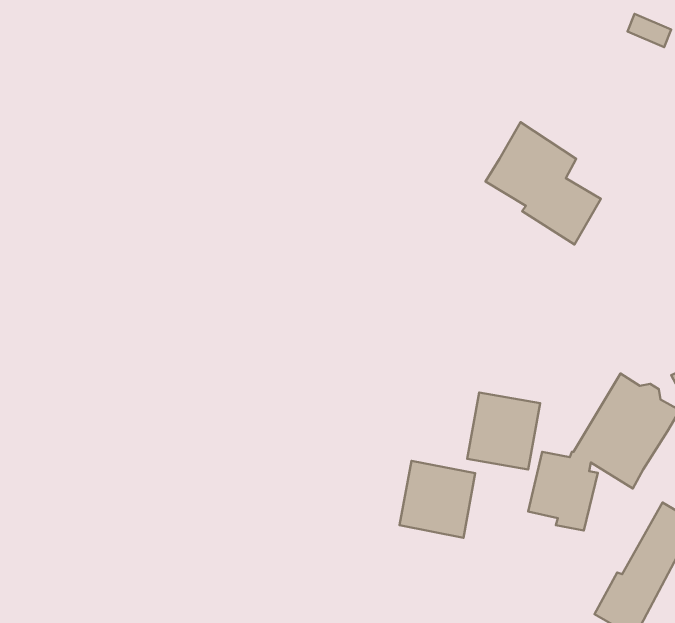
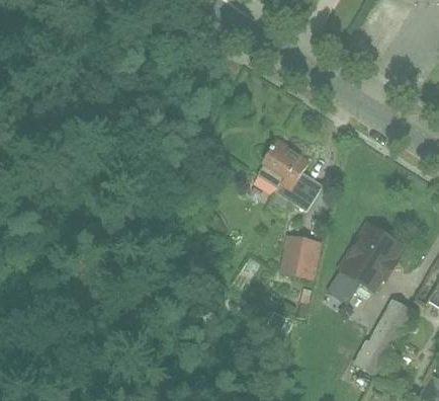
building: [486,122,601,244] -> [256,140,323,211]
building: [399,461,475,538] -> none

